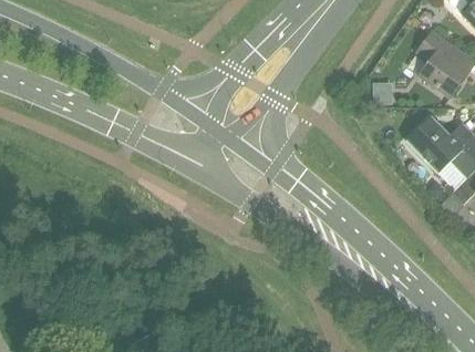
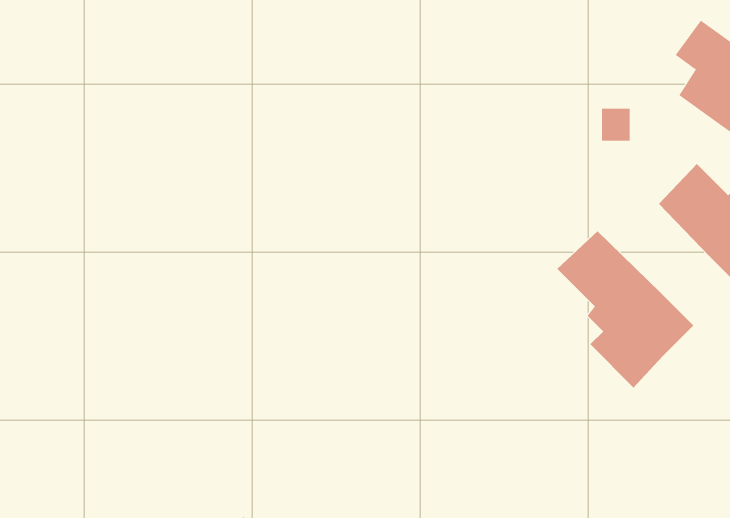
building: none -> [557,230,694,388]

